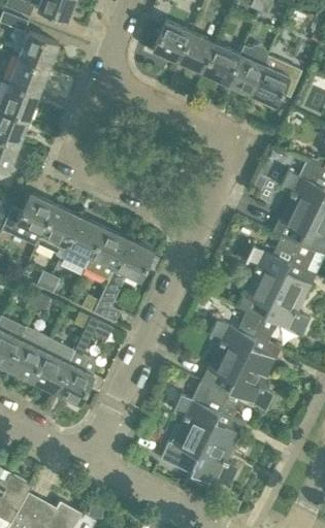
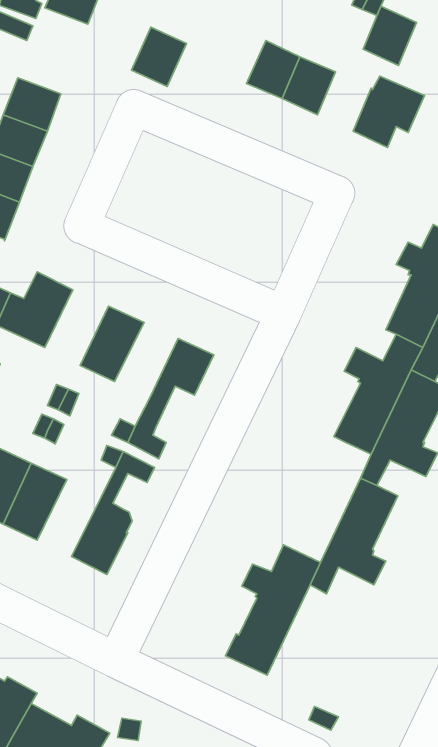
building: [152,21,190,62] -> [132,27,186,87]
building: [18,32,57,69] -> none
building: [226,54,263,95] -> [363,6,416,65]
building: [36,205,80,258] -> none
building: [85,228,129,280] -> none
building: [201,311,263,395] -> none
building: [31,337,75,391] -> none
building: [190,410,247,485] -> none

